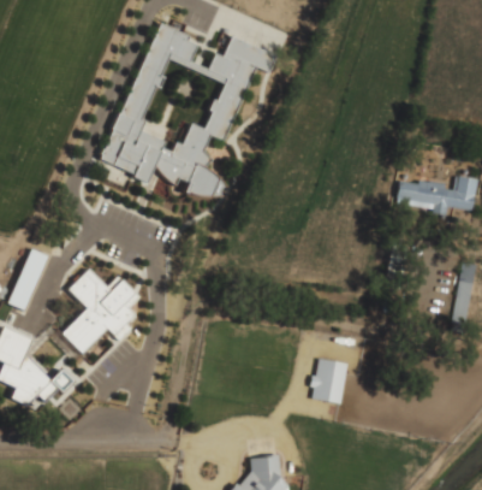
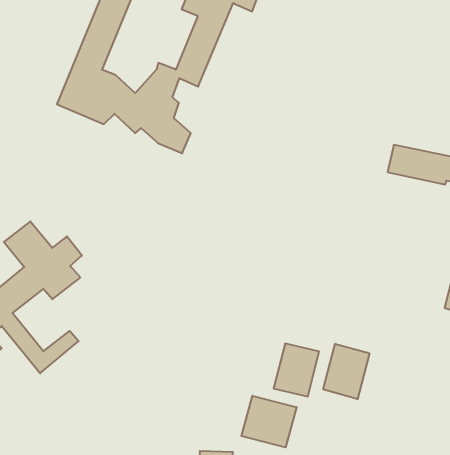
building: none -> [323,344,369,399]
building: none -> [241,396,297,447]

